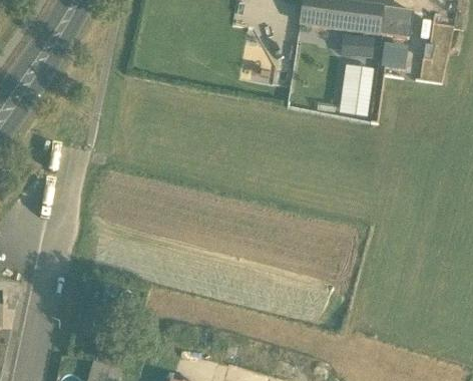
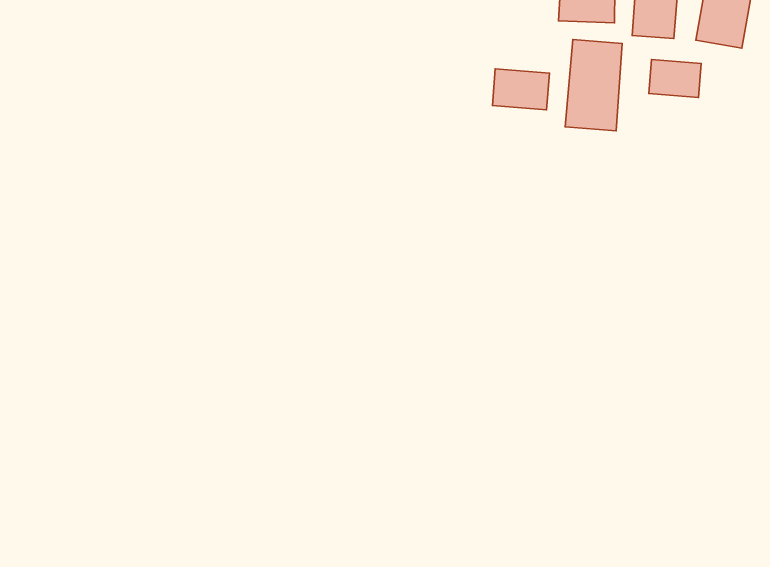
building: none -> [492,69,549,110]
building: none -> [649,60,701,97]

